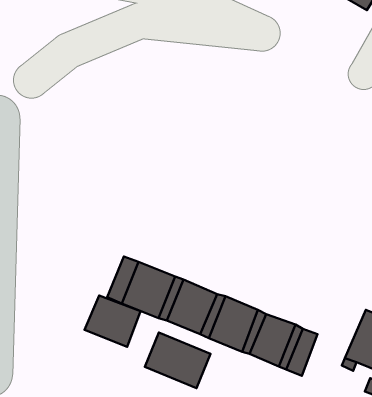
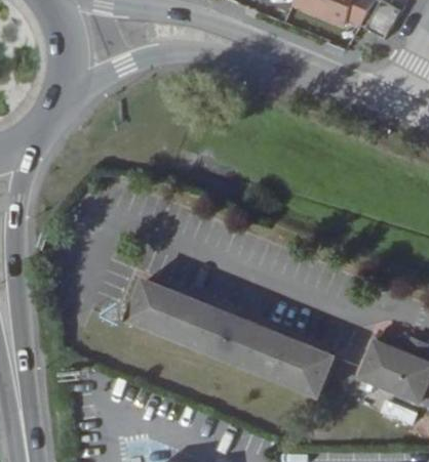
building: [84,296,140,347] -> none
building: [145,333,211,388] -> none

